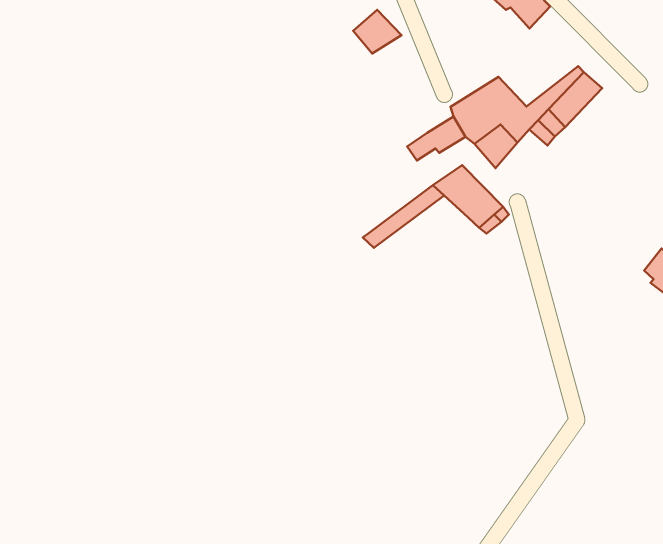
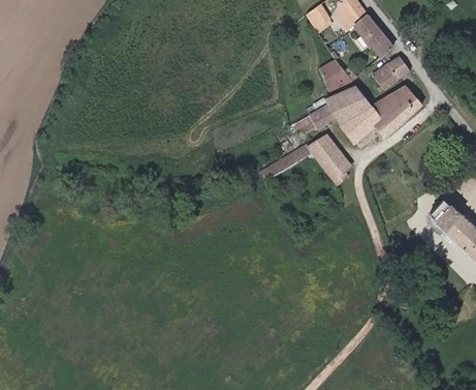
building: [353,10,402,53] -> [317,58,347,85]
building: none -> [375,53,410,86]

